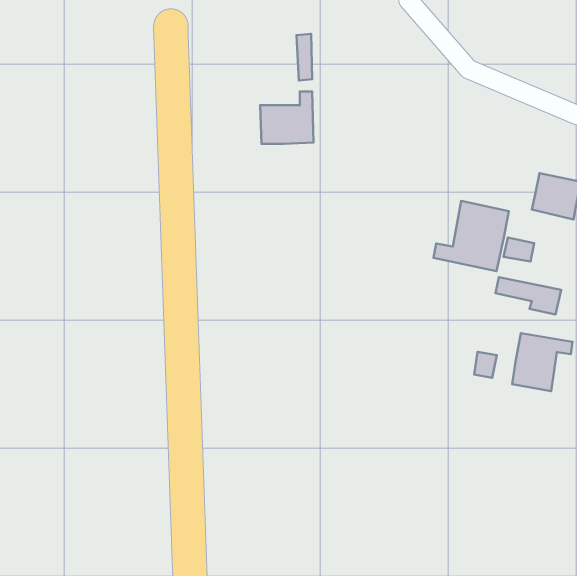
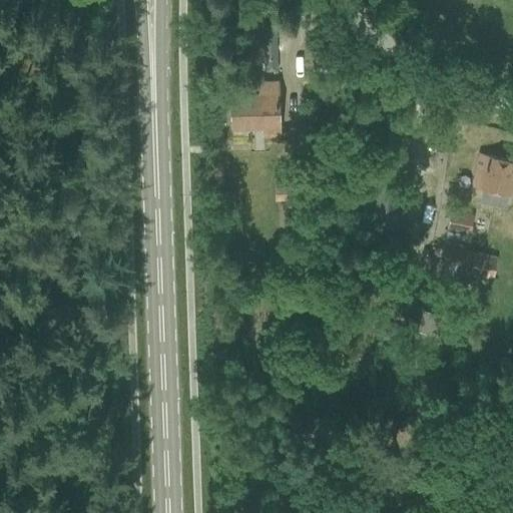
building: [433,201,509,271] -> none
building: [512,333,572,391] -> none

